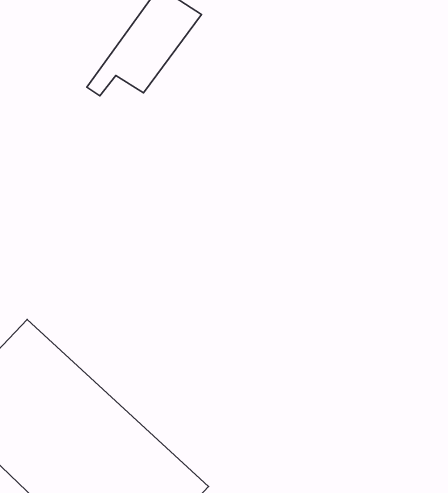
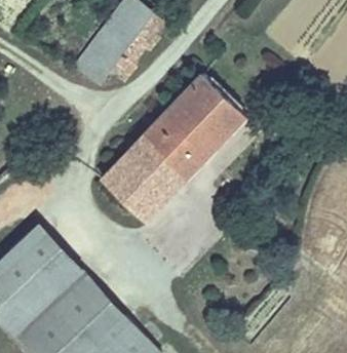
building: none -> [98,81,232,223]

